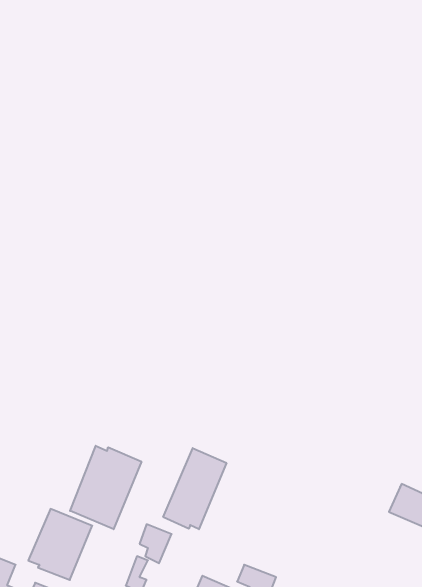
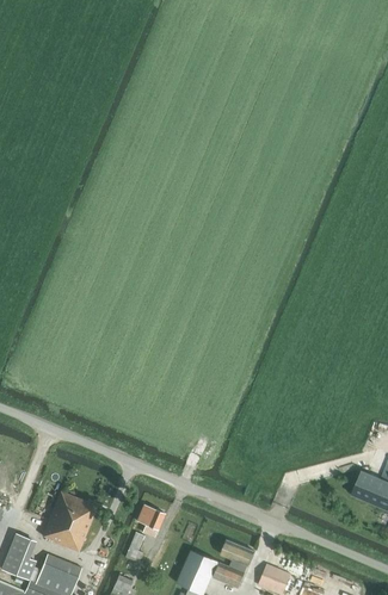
building: [70,446,141,529] -> none
building: [163,448,226,529] -> none

